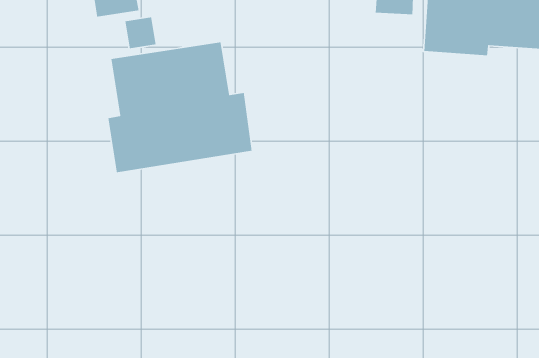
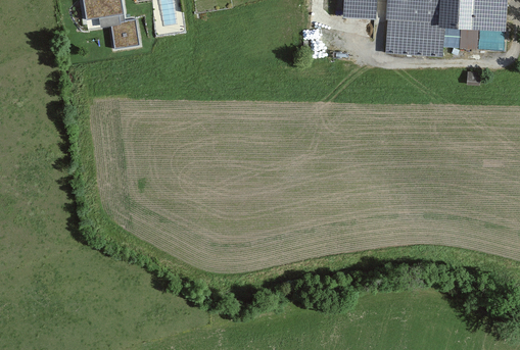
building: [107,41,252,173] -> none

